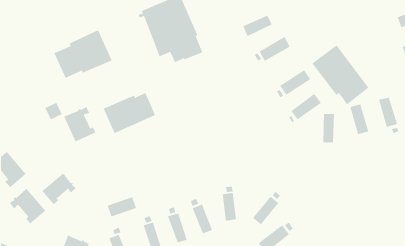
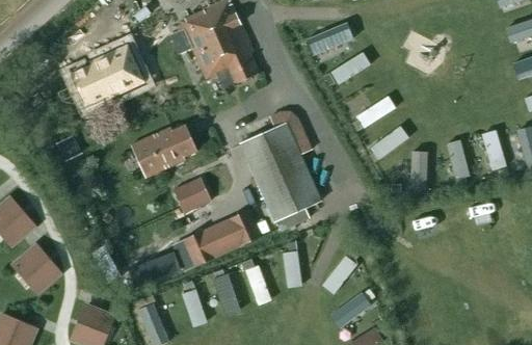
building: [312,45,369,105] -> none
building: none -> [240,123,321,230]
building: [64,106,96,142] -> none
building: none -> [174,176,212,213]
building: none -> [184,209,262,266]
building: [42,172,77,205] -> none

